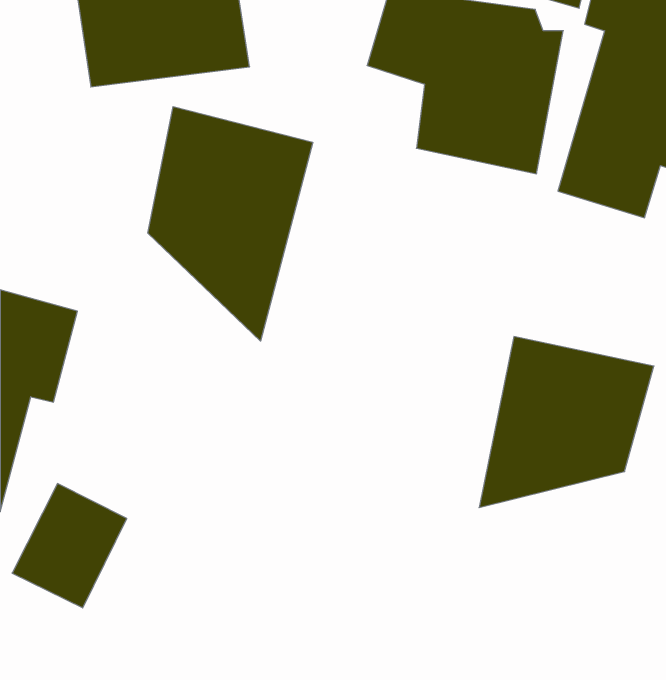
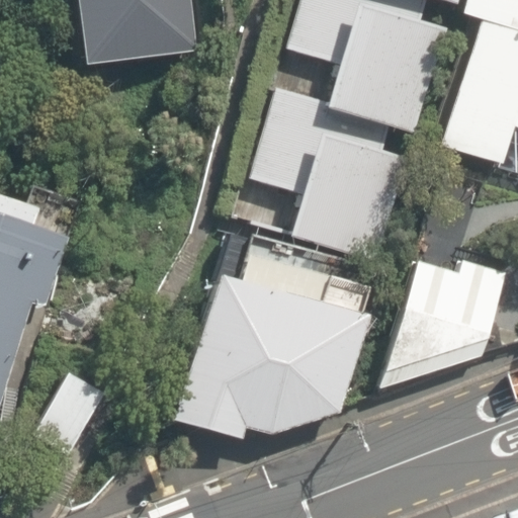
building: [148,107,313,341] -> none
building: none -> [250,96,407,256]
building: none -> [192,269,366,429]

